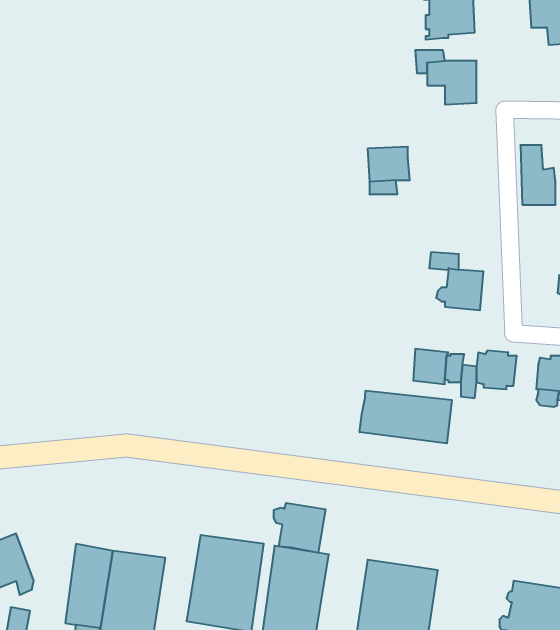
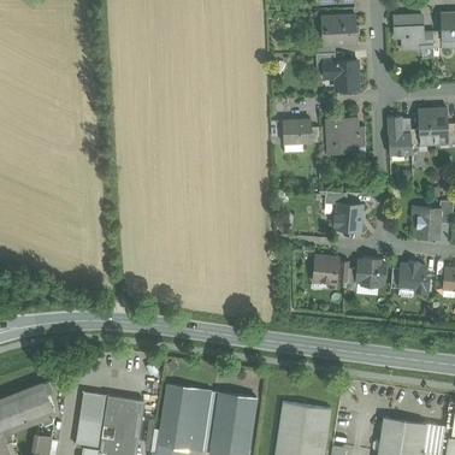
building: none -> [326,118,366,153]
building: [360,391,452,443] -> none
building: [274,503,325,553] -> none

